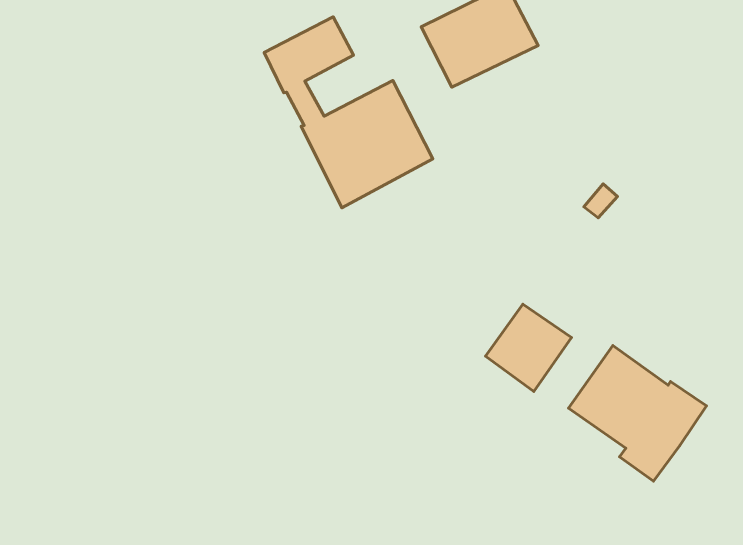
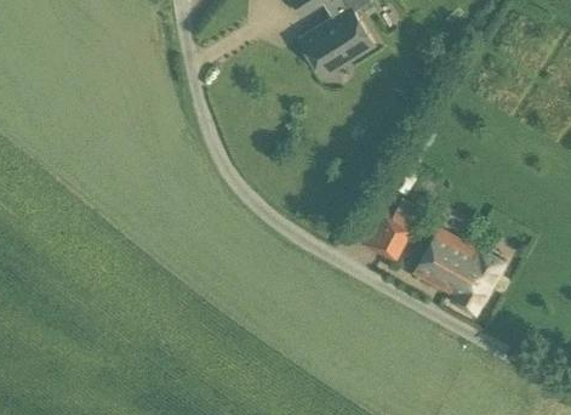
building: [264,17,433,208] -> none

